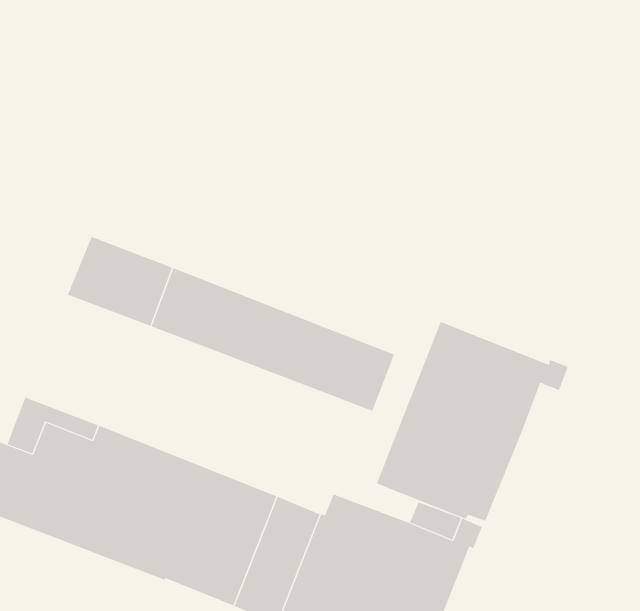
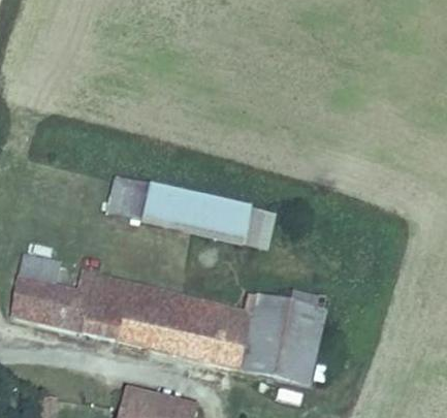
building: [376,321,568,522] -> none

